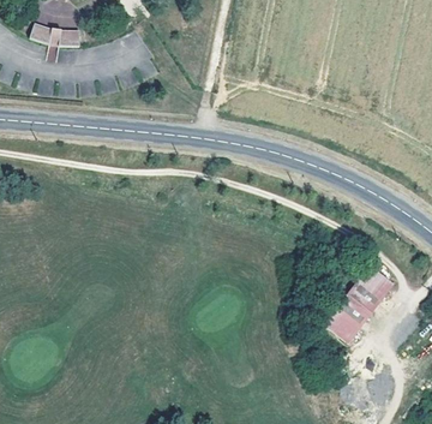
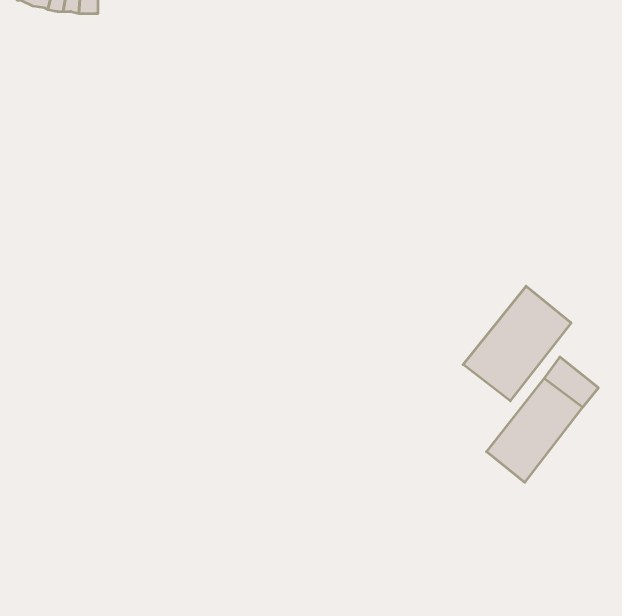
building: none -> [463,286,571,401]

